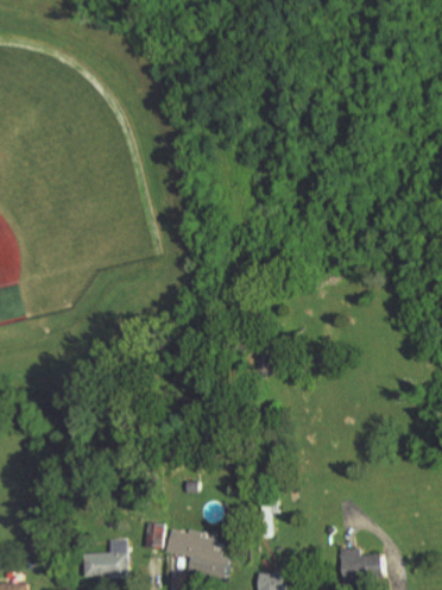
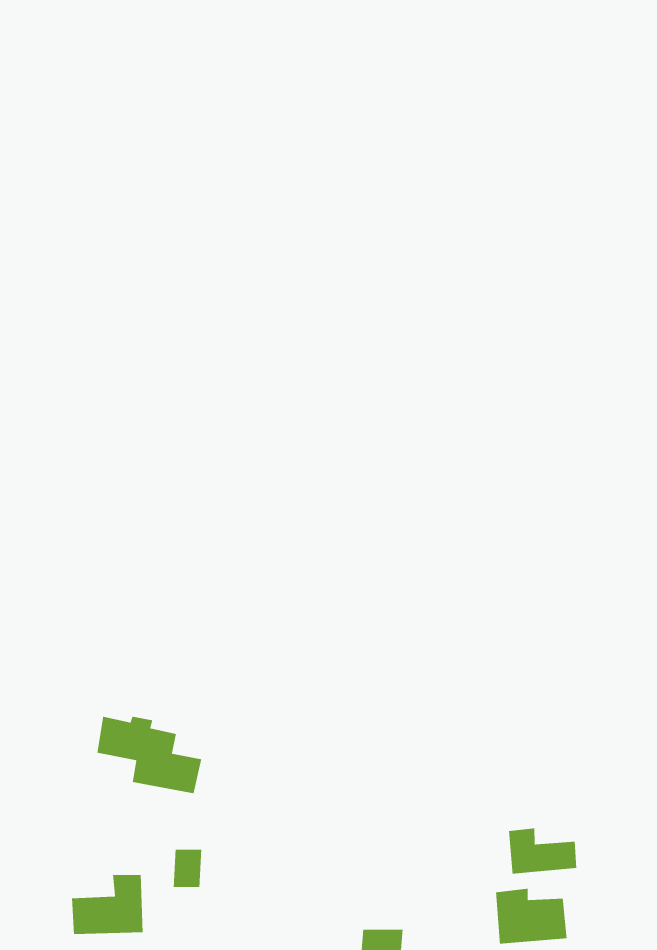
building: none -> [508,828,577,875]
building: [165,531,229,578] -> [97,716,202,794]

